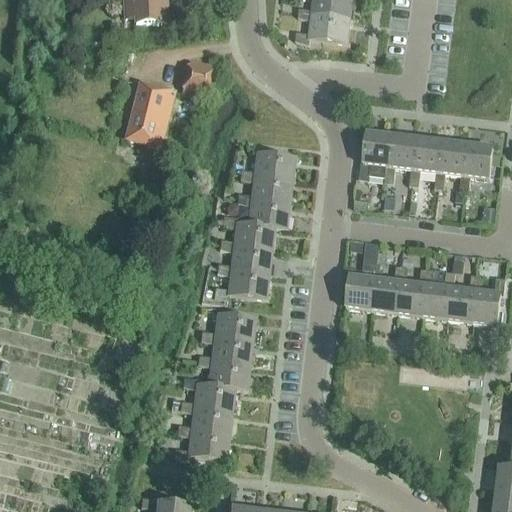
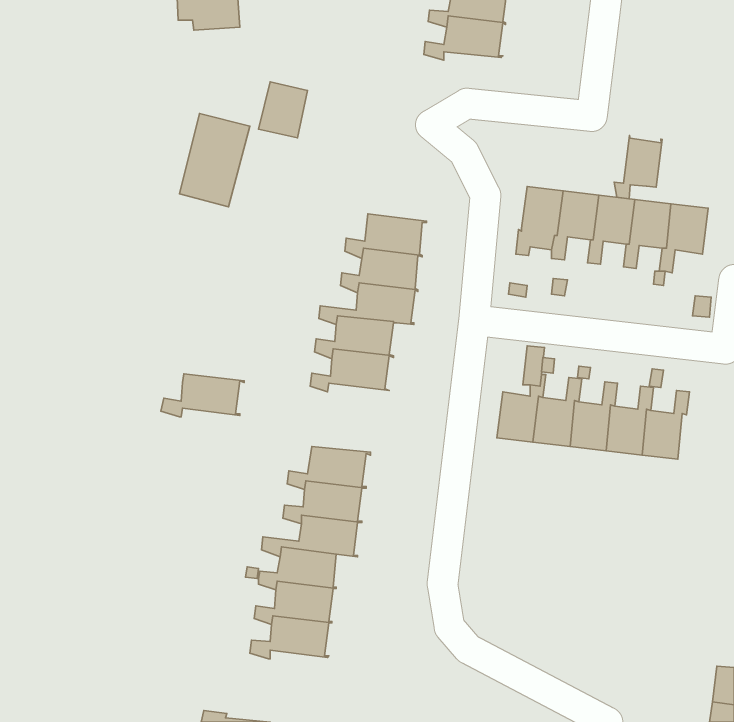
building: none -> [614,136,662,199]
building: [213,267,271,297] -> [161,374,244,417]
building: [472,275,505,323] -> none

